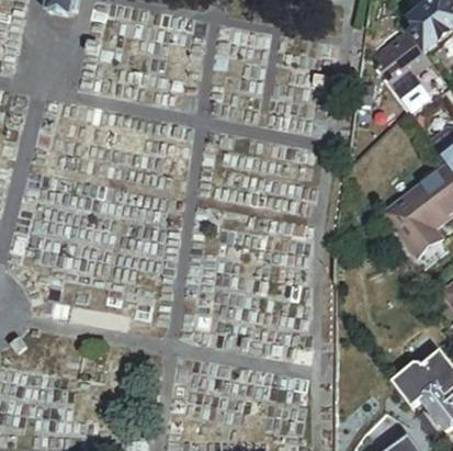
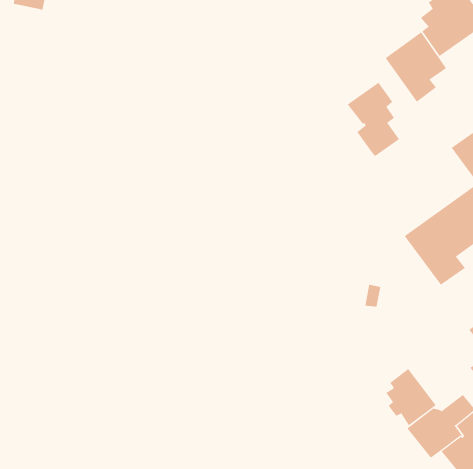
building: none -> [347,82,400,157]
building: none -> [386,368,437,426]

